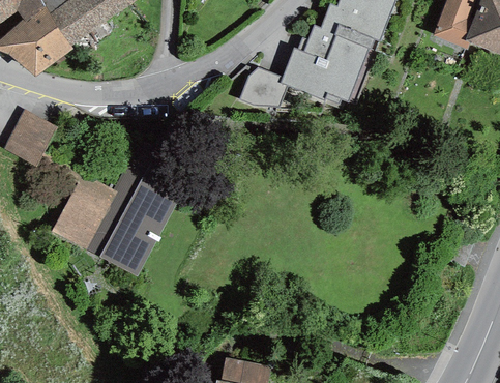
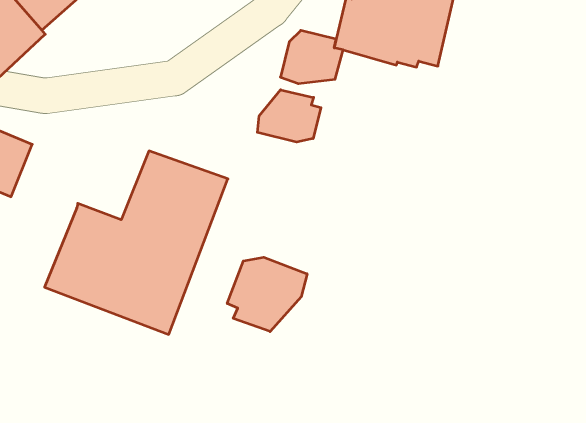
building: none -> [257,90,321,142]
building: none -> [227,257,307,332]

